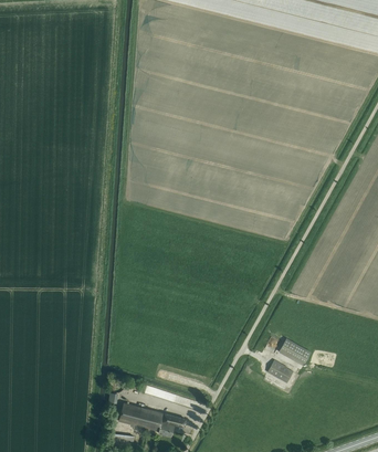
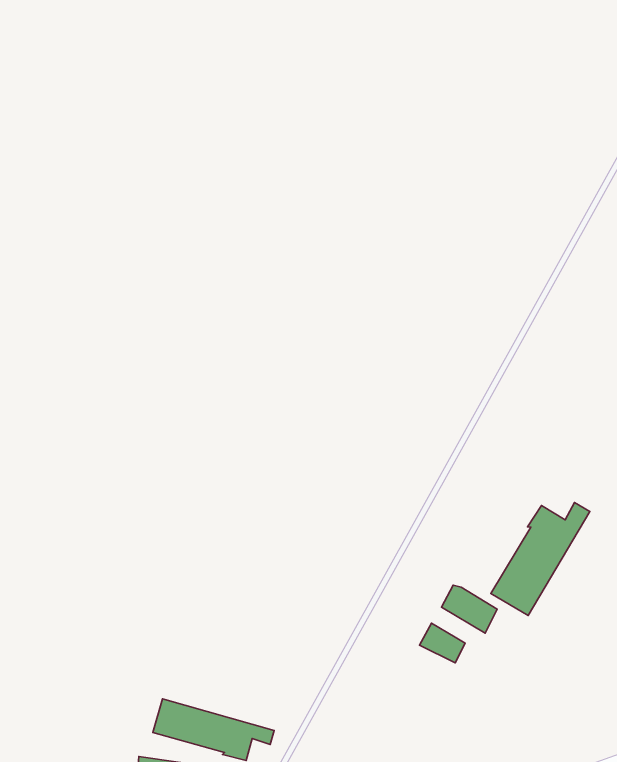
building: none -> [491,502,590,615]

